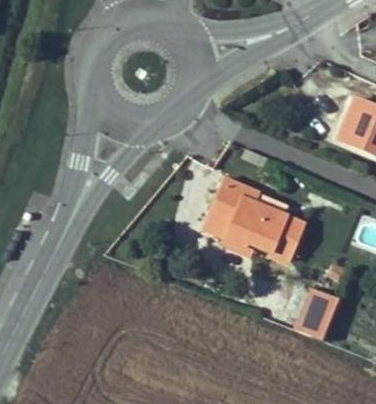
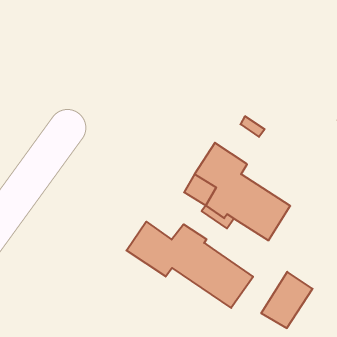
building: none -> [126,222,253,308]

